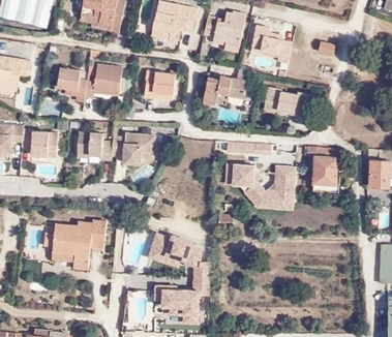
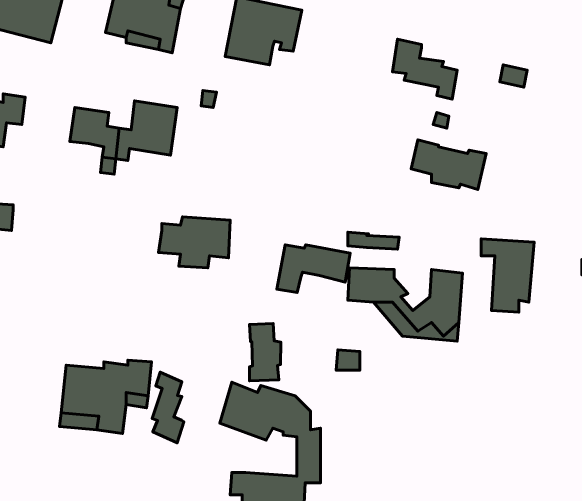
building: [203,11,246,49] -> none
building: [144,70,176,100] -> none
building: [203,76,247,105] -> [277,245,350,293]
building: [22,129,58,157] -> none
building: [77,132,113,161] -> none
building: none -> [250,324,281,381]
building: none -> [152,372,184,443]

